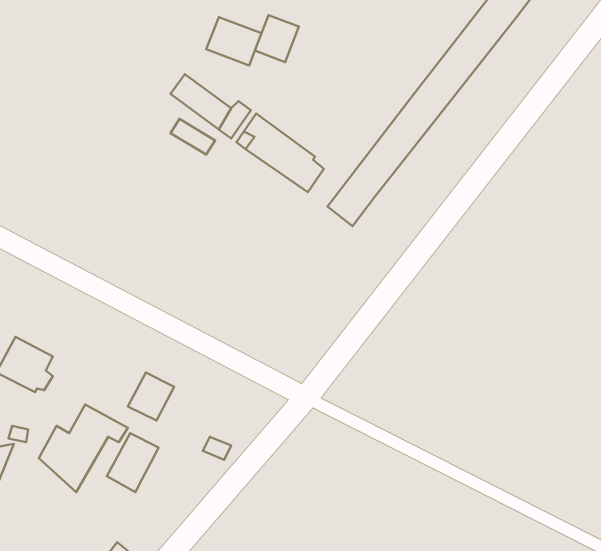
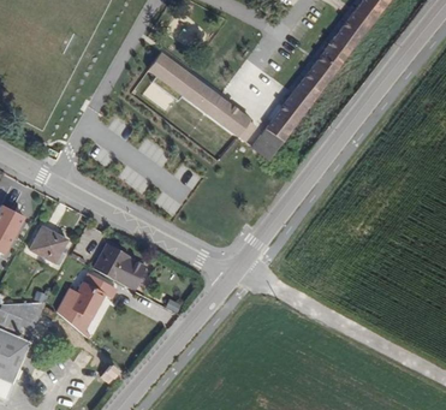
building: [255,15,299,62] -> none
building: [107,433,159,492] -> [96,240,131,280]

